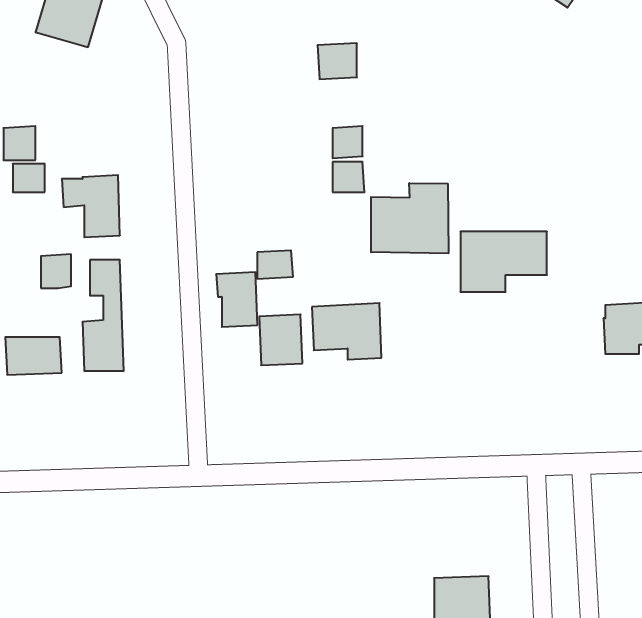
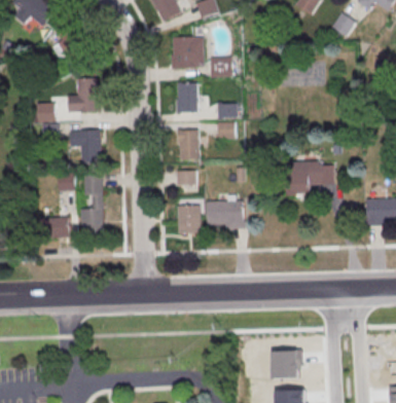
building: none -> [170,38,204,68]
building: none -> [68,78,97,112]
building: none -> [176,83,197,113]
building: [371,183,448,253] -> none
building: [216,272,257,327] -> [176,131,199,160]

